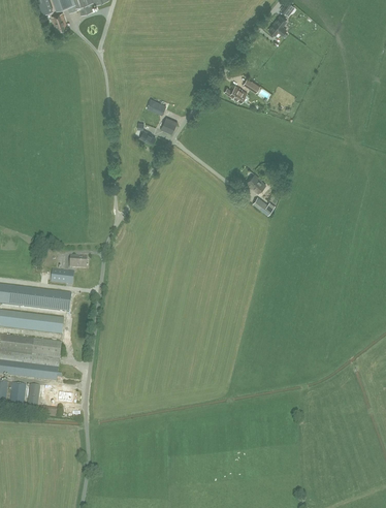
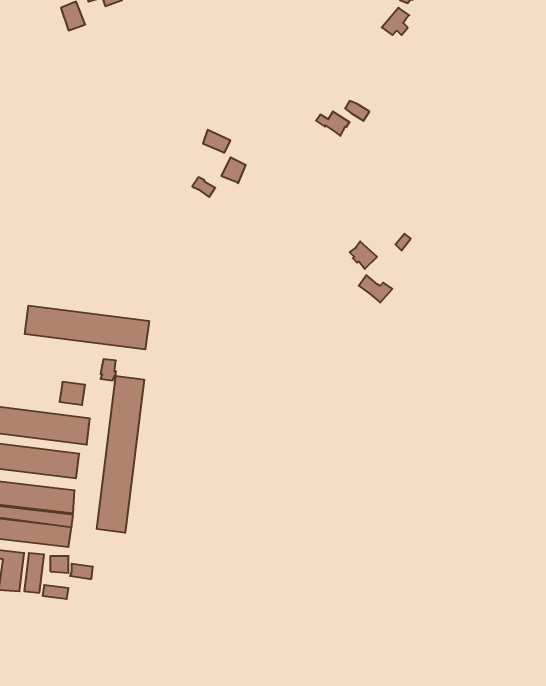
building: none -> [25,306,149,349]
building: none -> [97,376,144,533]

